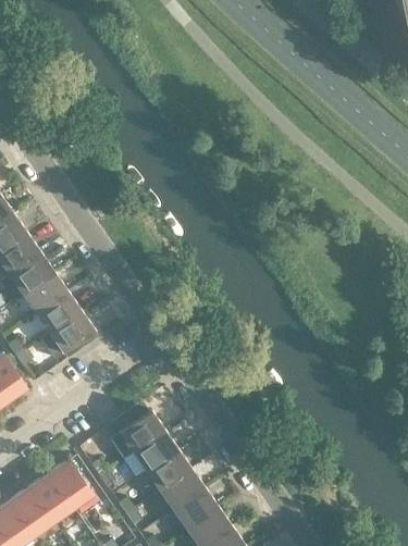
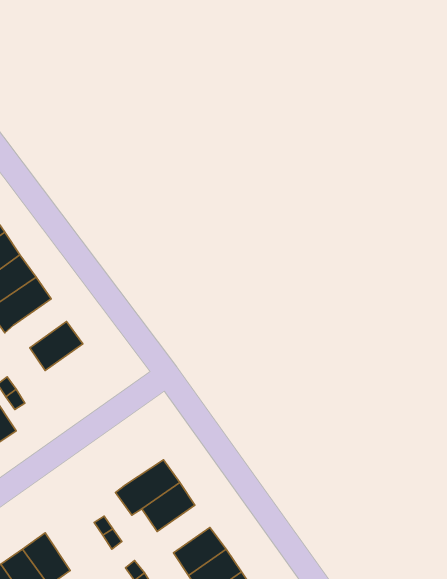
building: [22,273,67,315] -> none
building: [40,312,96,360] -> none
building: [146,451,191,493] -> none
building: [49,460,92,508] -> none

